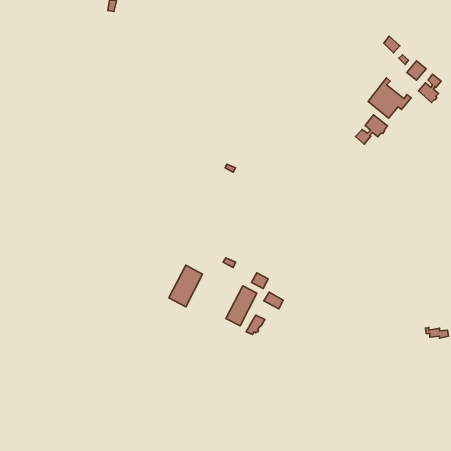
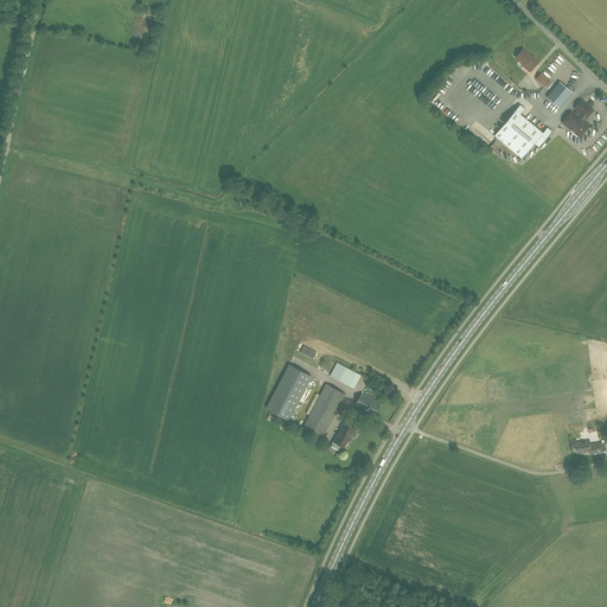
building: [356,115,387,144] -> none
building: [169,265,202,307] -> [266,364,311,420]

